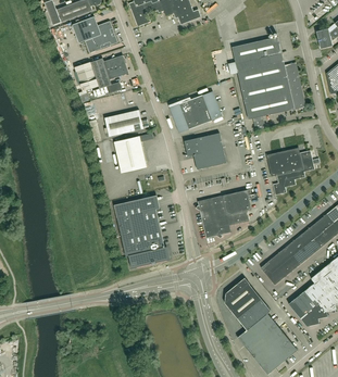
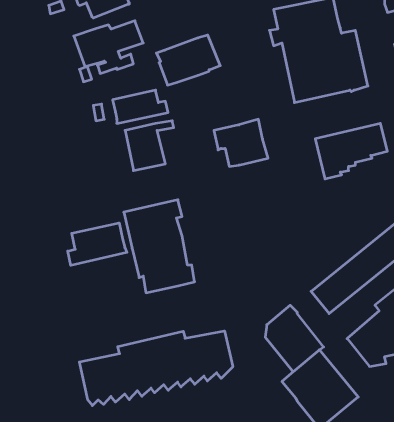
building: [172,92,222,131] -> [156,35,220,85]
building: [196,190,258,238] -> none
building: none -> [68,223,127,265]
building: none -> [79,331,233,406]

